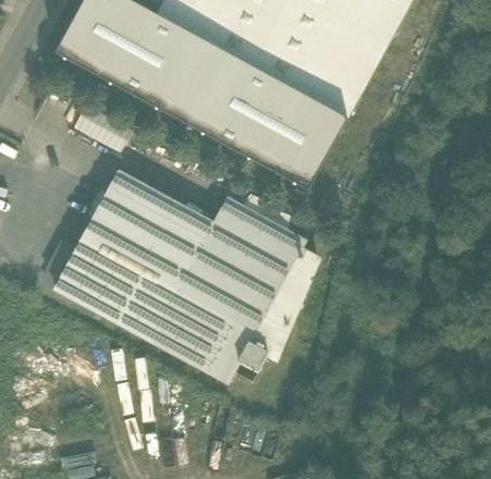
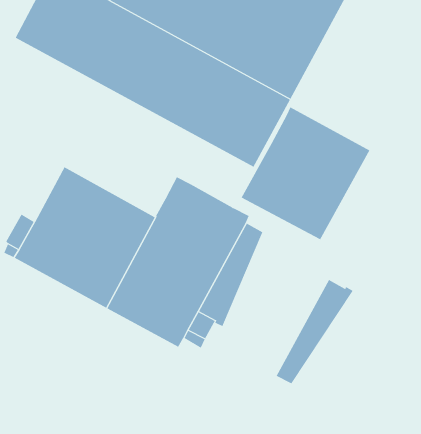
building: none -> [241,107,370,241]
building: [107,169,213,241] -> none
building: none -> [276,279,353,384]

